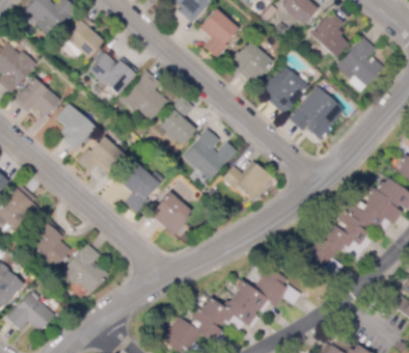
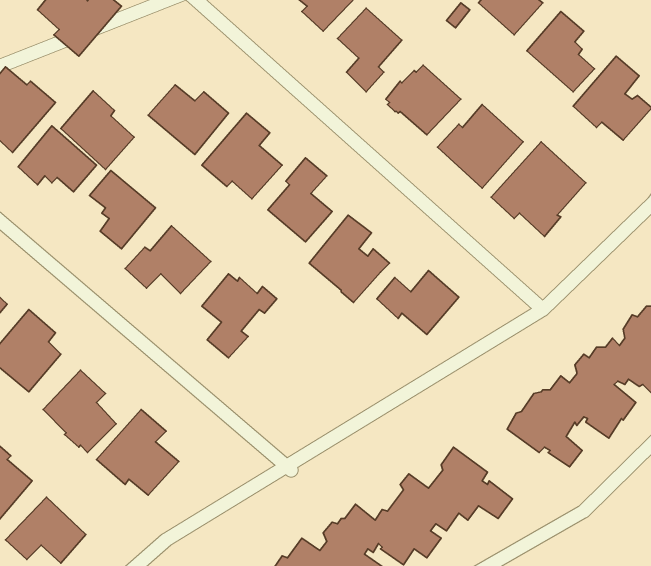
building: [62,11,105,57] -> [61,91,134,169]
building: [149,191,191,236] -> none

